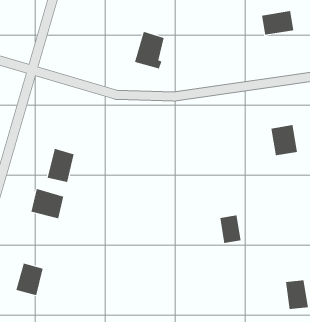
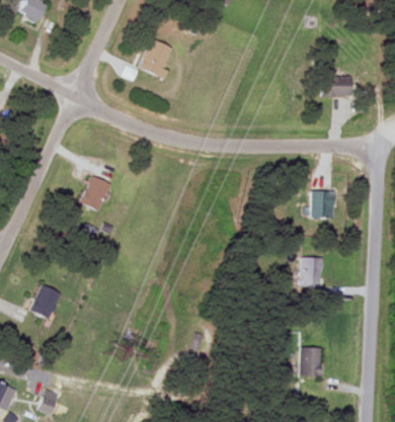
building: [134,31,165,69] -> [141,37,175,78]
building: [31,188,64,219] -> none
building: [219,215,241,243] -> [302,258,320,284]

